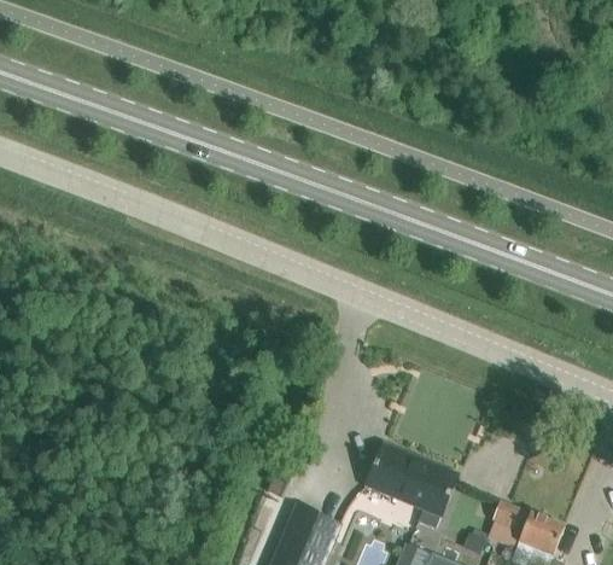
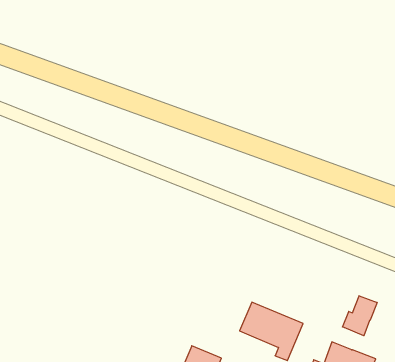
building: none -> [343,296,377,336]

